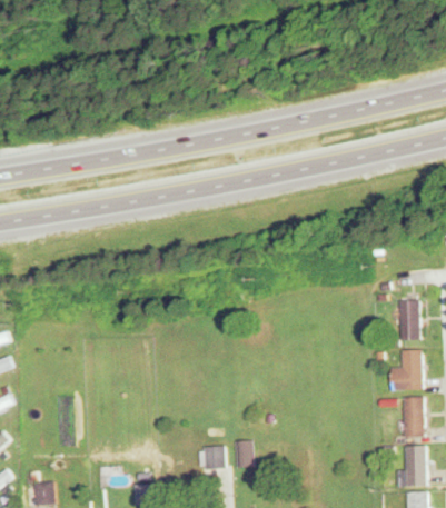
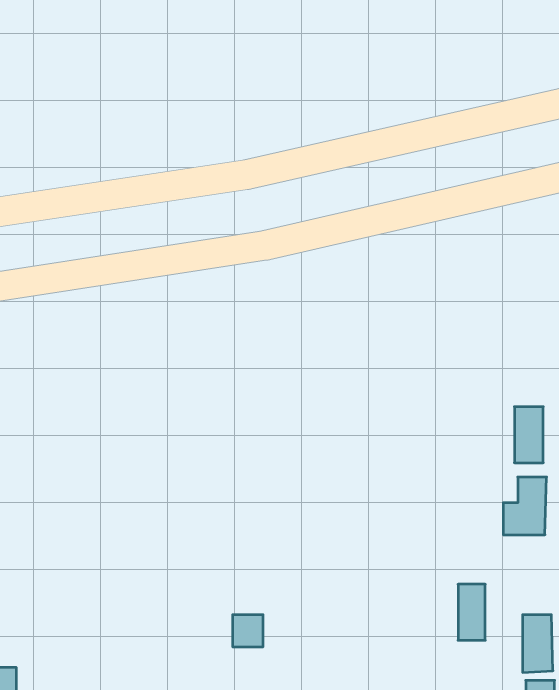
building: [404,397,423,436] -> [458,584,485,640]
building: [235,440,254,467] -> none

